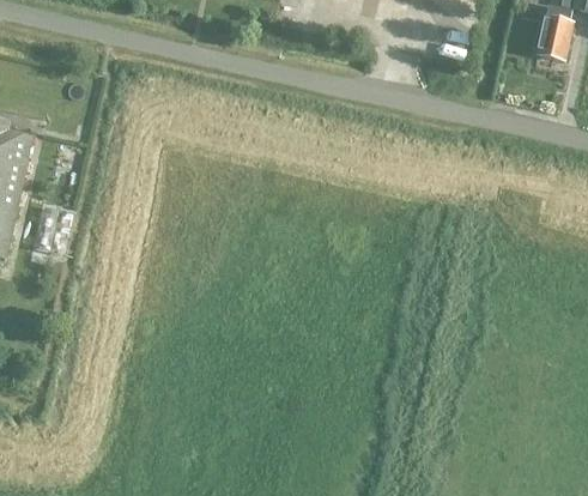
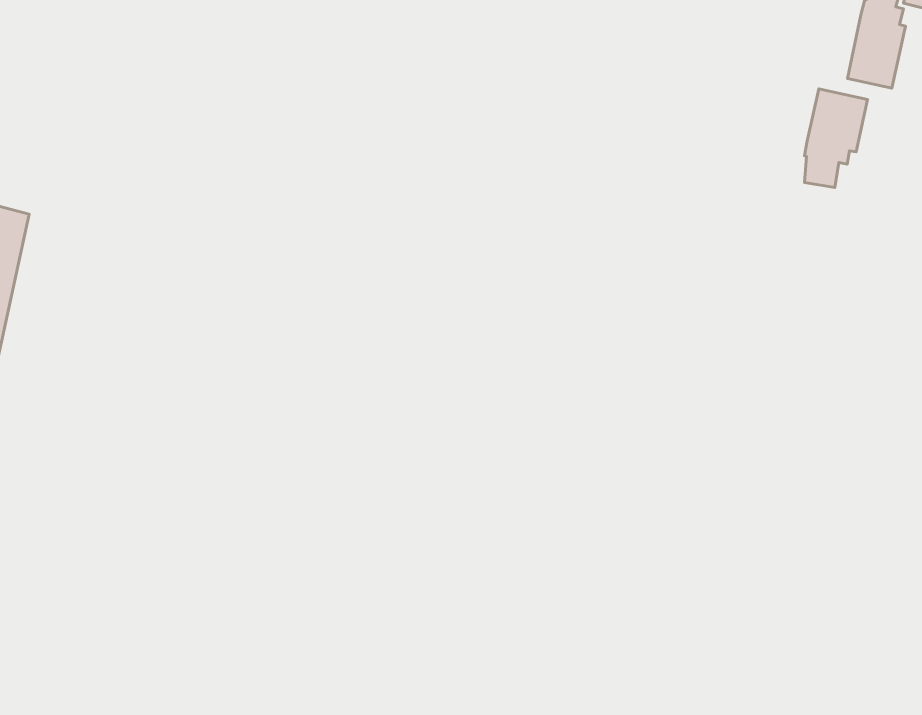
building: none -> [804,89,868,187]

